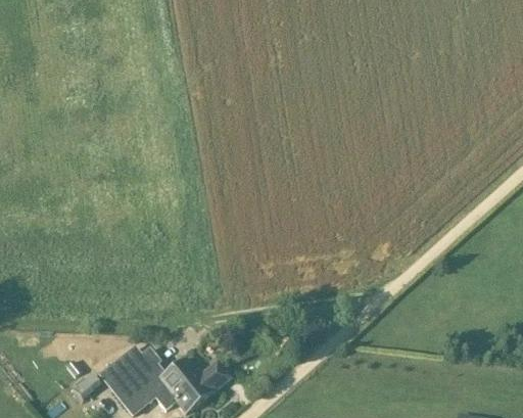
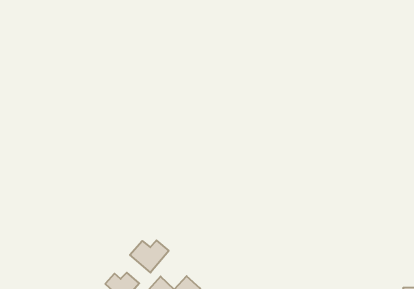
building: none -> [130,240,169,273]

